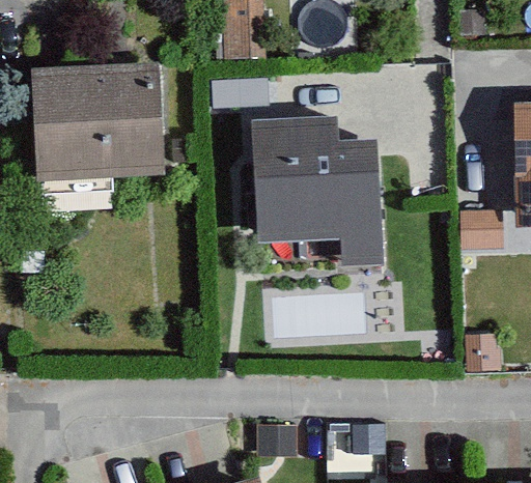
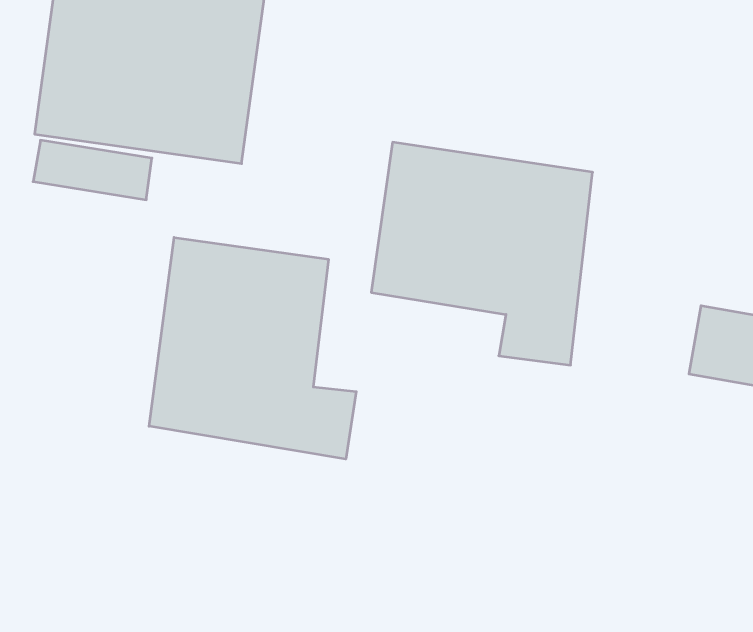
building: none -> [149,237,356,459]

